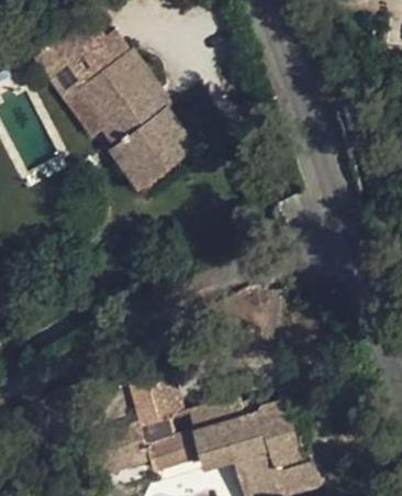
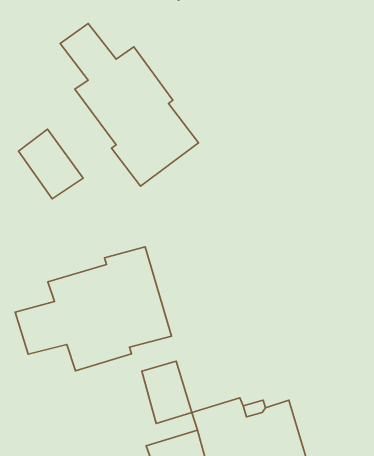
building: none -> [18,129,83,199]
building: none -> [15,247,172,371]

